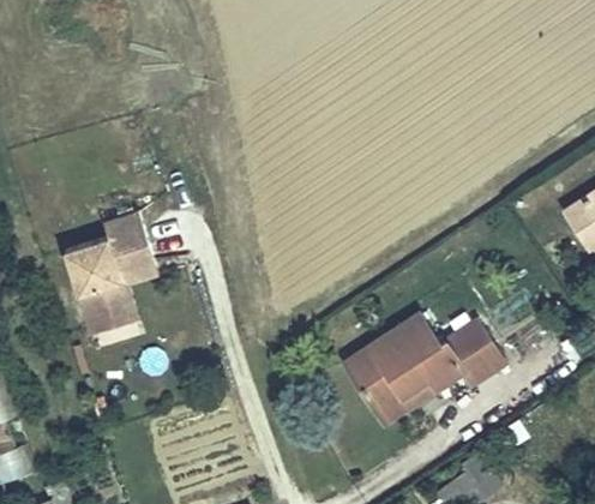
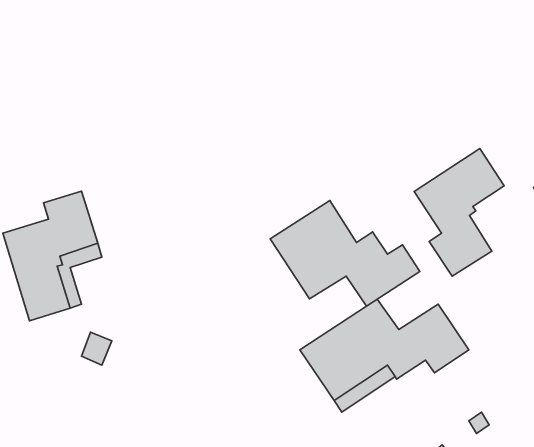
building: none -> [414,148,504,276]
building: none -> [270,201,420,306]

